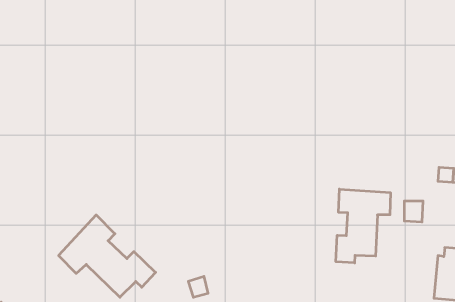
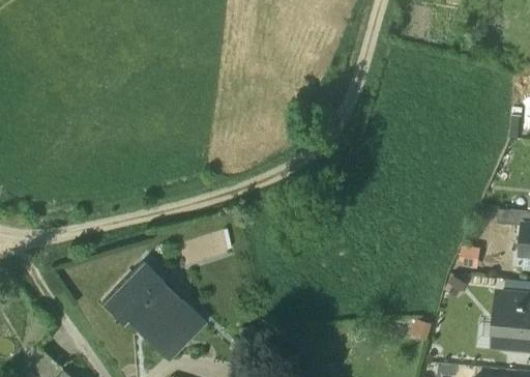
building: [336,189,390,263] -> none

